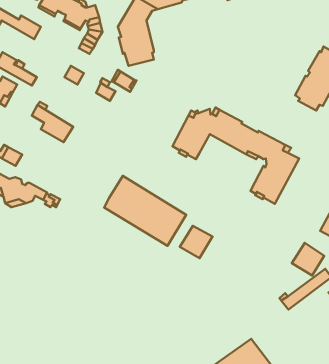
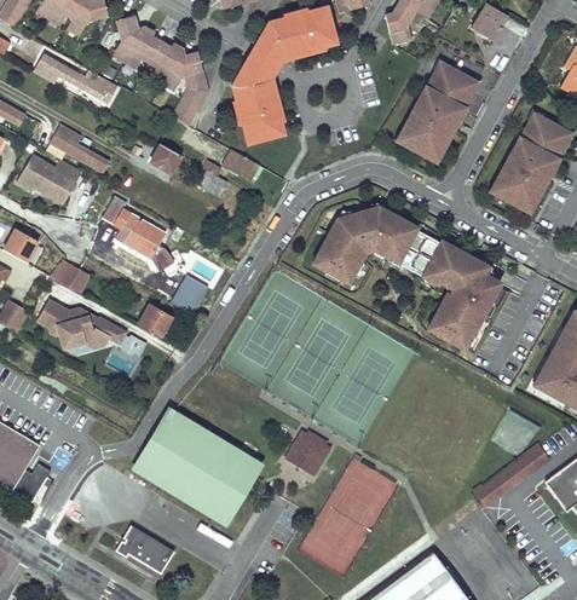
building: none -> [396,59,479,160]
building: none -> [168,273,207,315]
building: [104,176,186,246] -> [135,414,258,518]
building: none -> [138,308,171,338]
building: [180,226,212,258] -> [284,428,333,477]
building: none -> [115,526,173,573]

